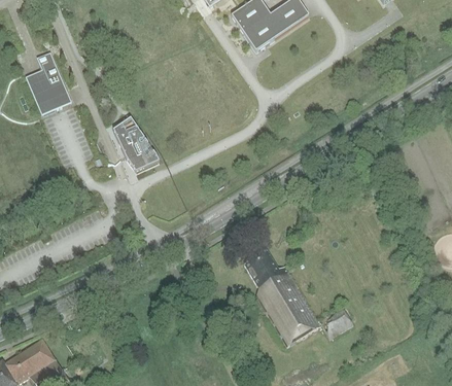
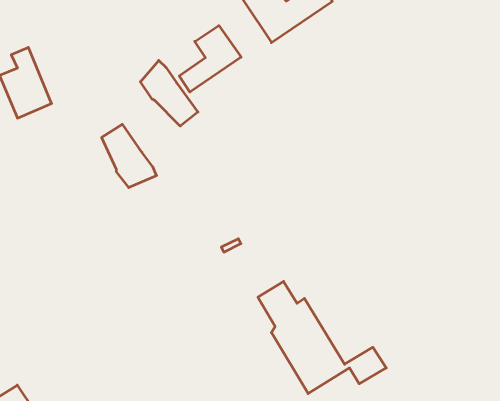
building: none -> [179,26,241,92]
building: none -> [140,60,198,126]

